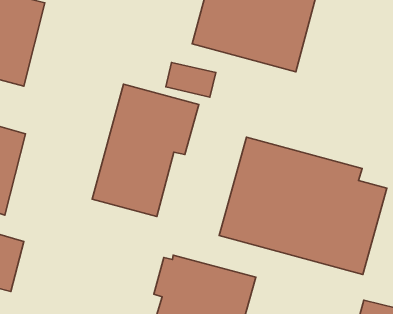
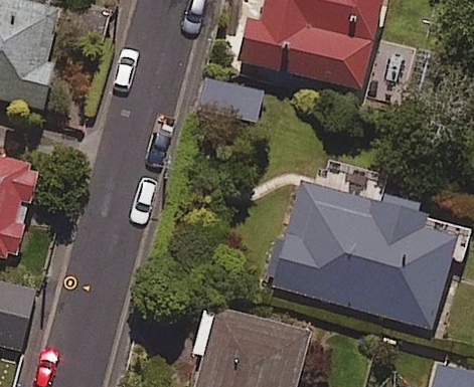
building: [92,84,199,217] -> none

